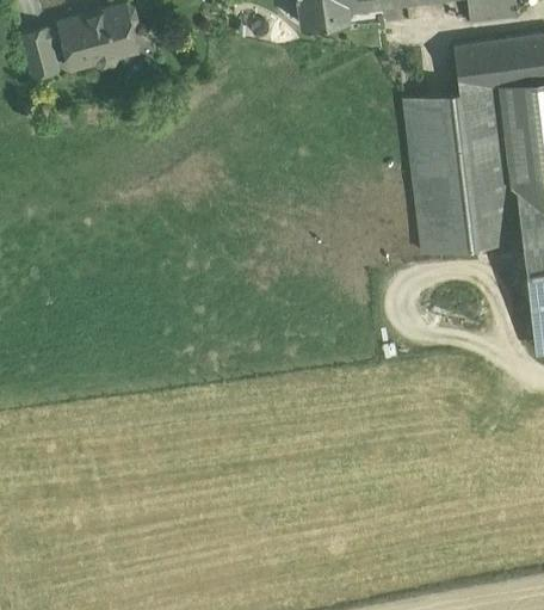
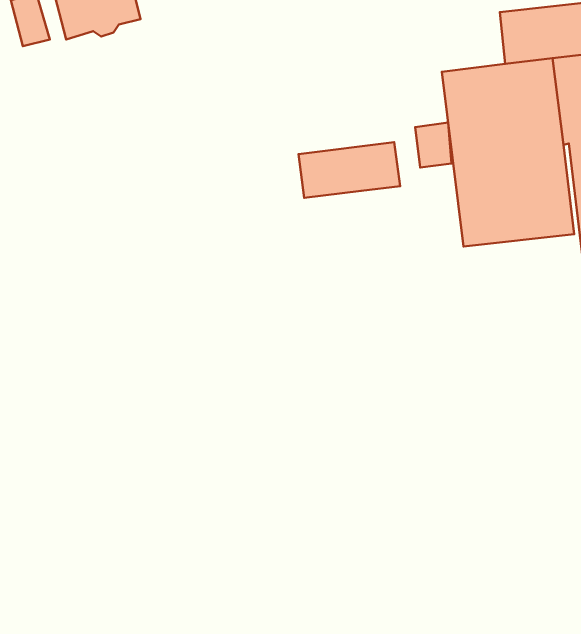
building: none -> [415,123,452,167]
building: none -> [298,142,400,198]

